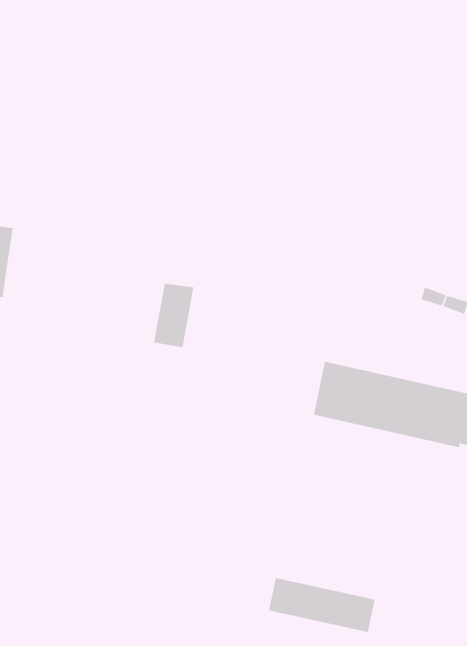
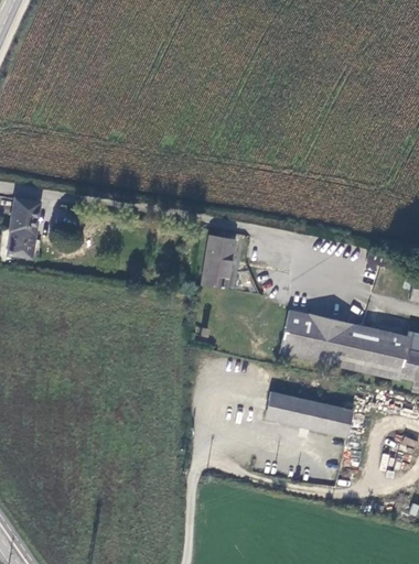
building: [153,283,194,348] -> [202,235,235,286]
building: [268,577,376,632] -> [266,391,352,435]

